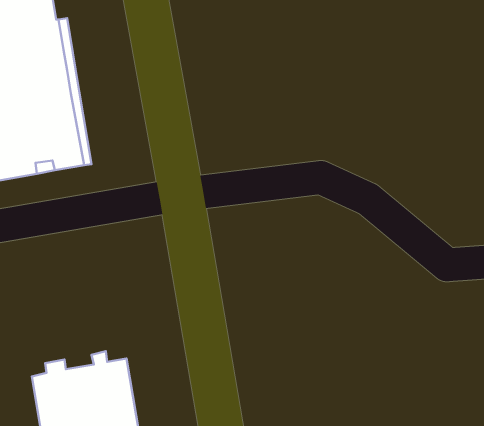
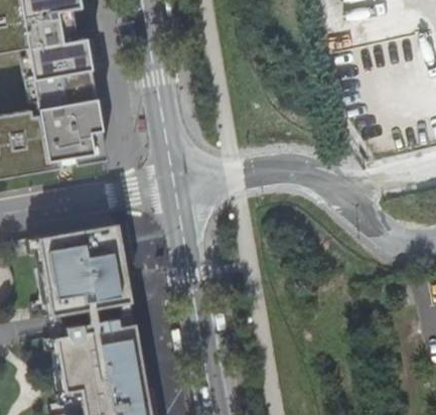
building: none -> [40,225,133,315]

